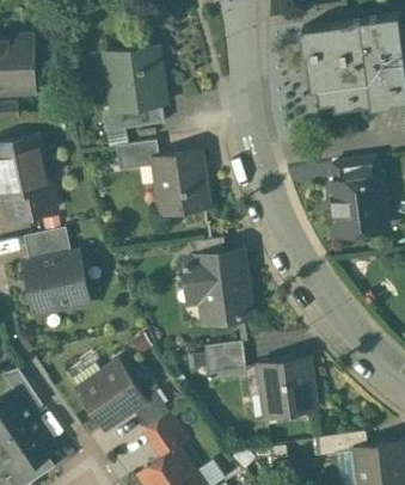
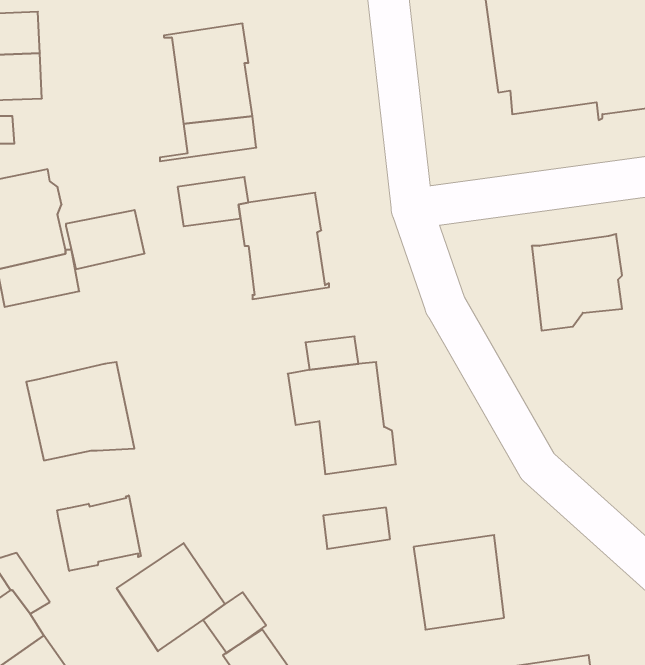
building: [331,159,376,183] -> none
building: [23,228,70,264] -> [66,210,145,269]
building: none -> [57,495,141,571]

